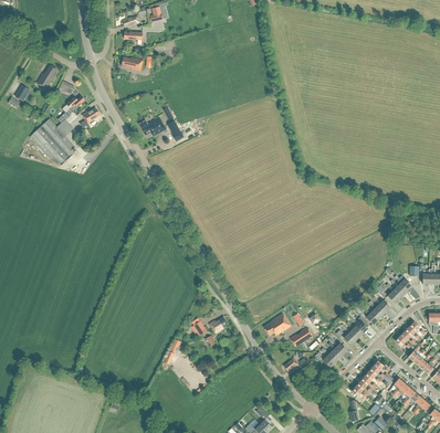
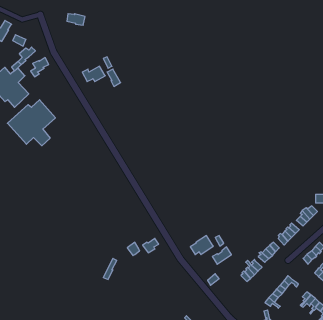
building: none -> [7,100,55,146]

